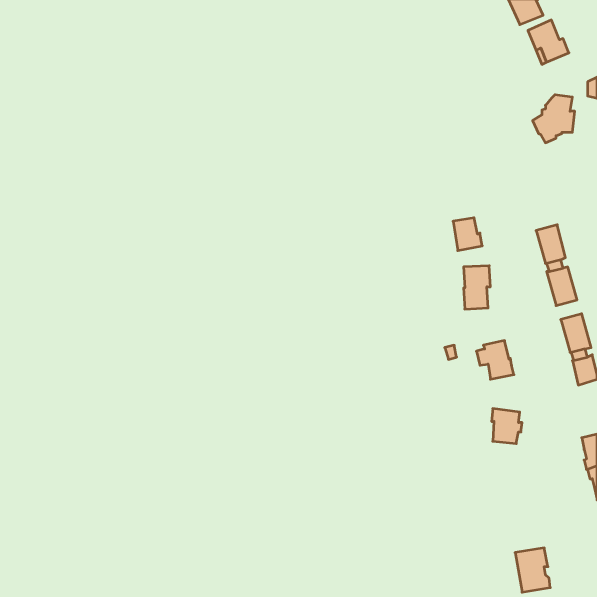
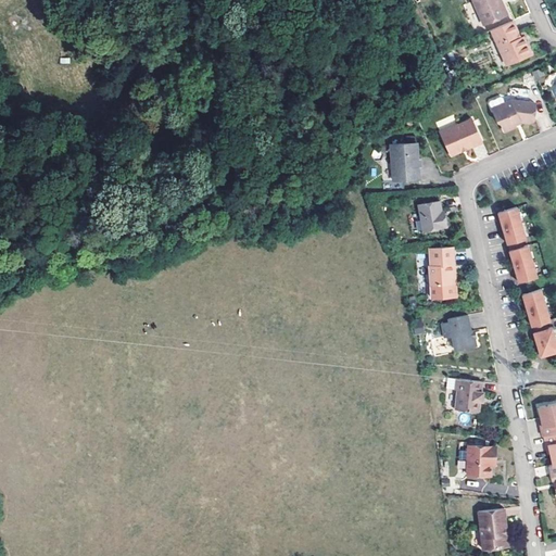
building: none -> [441,119,482,157]
building: none -> [390,137,419,181]
building: none -> [468,445,497,475]

